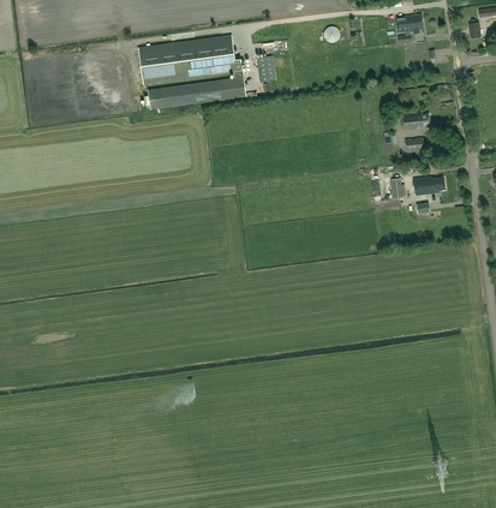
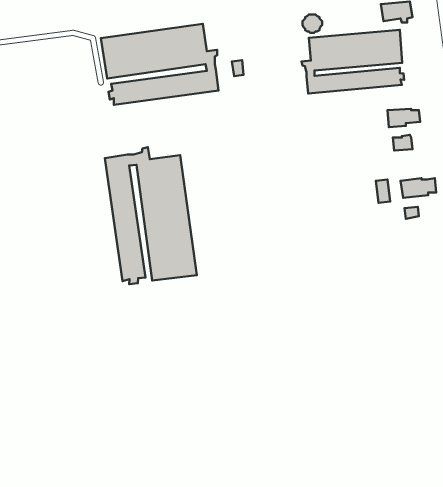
building: none -> [301,30,404,94]
building: none -> [105,147,197,284]

